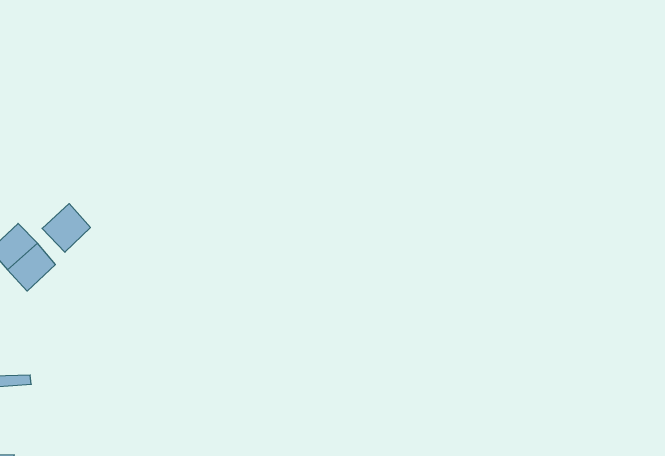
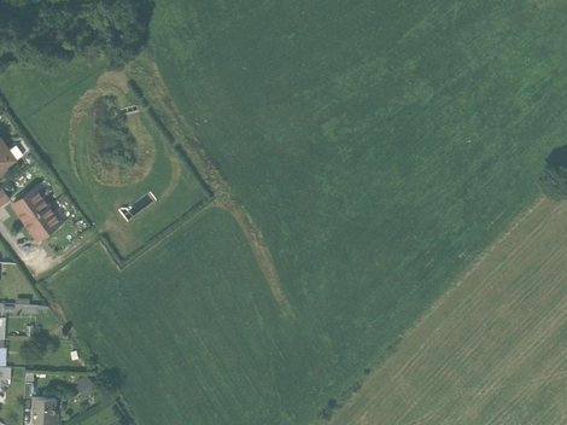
building: [42,204,90,252] -> none

